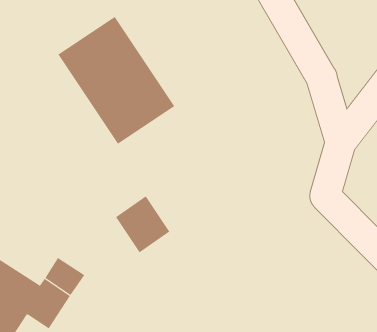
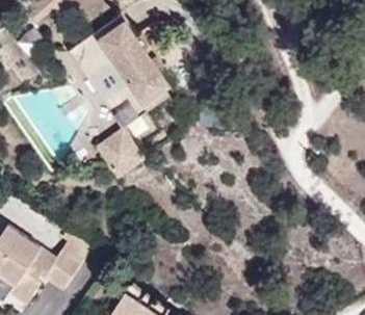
building: [115,196,170,253] -> [92,128,139,178]

